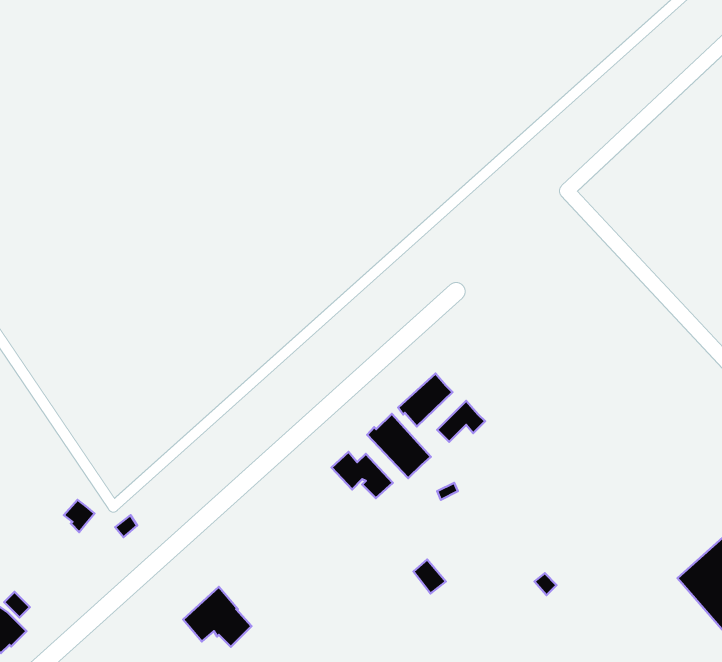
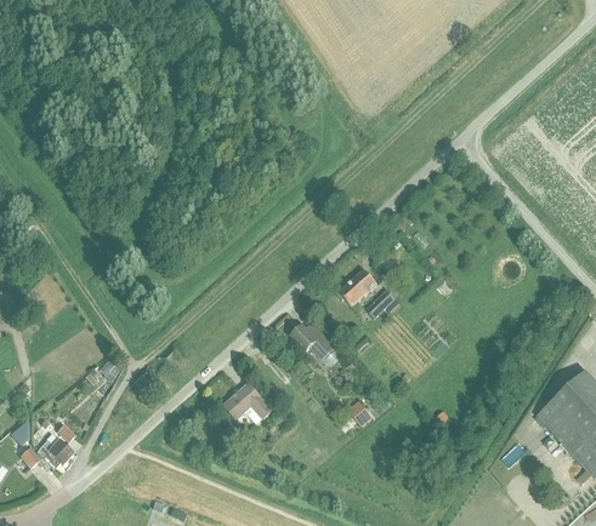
building: [367,414,431,478] -> none
building: [183,587,251,647] -> [221,381,269,423]

